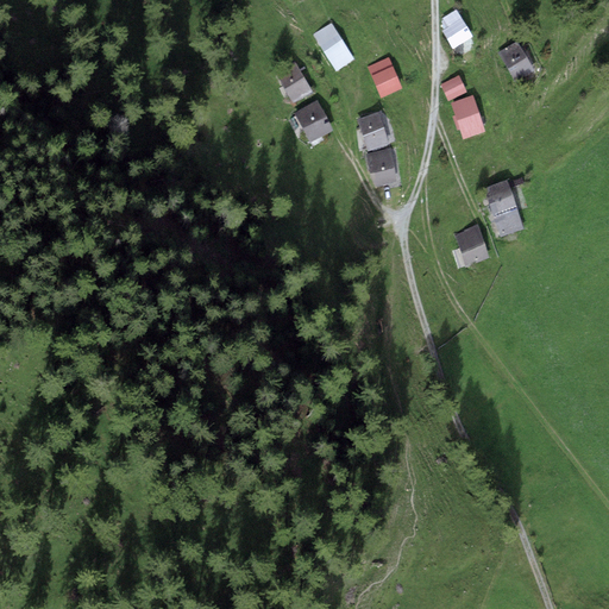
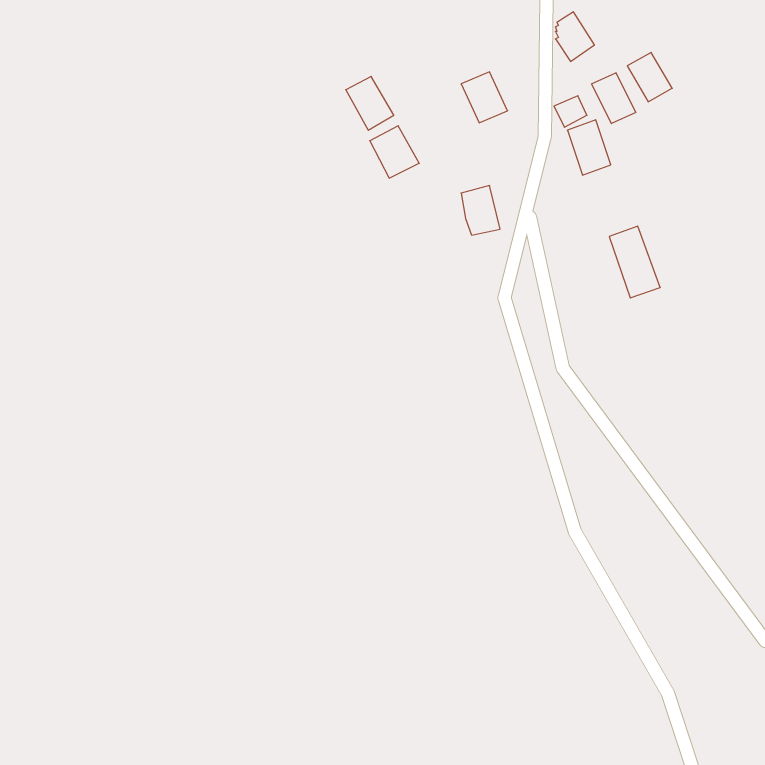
building: [313,23,356,71] -> none
building: none -> [592,73,636,124]
building: [357,112,389,151] -> none
building: [456,225,490,265] -> none

